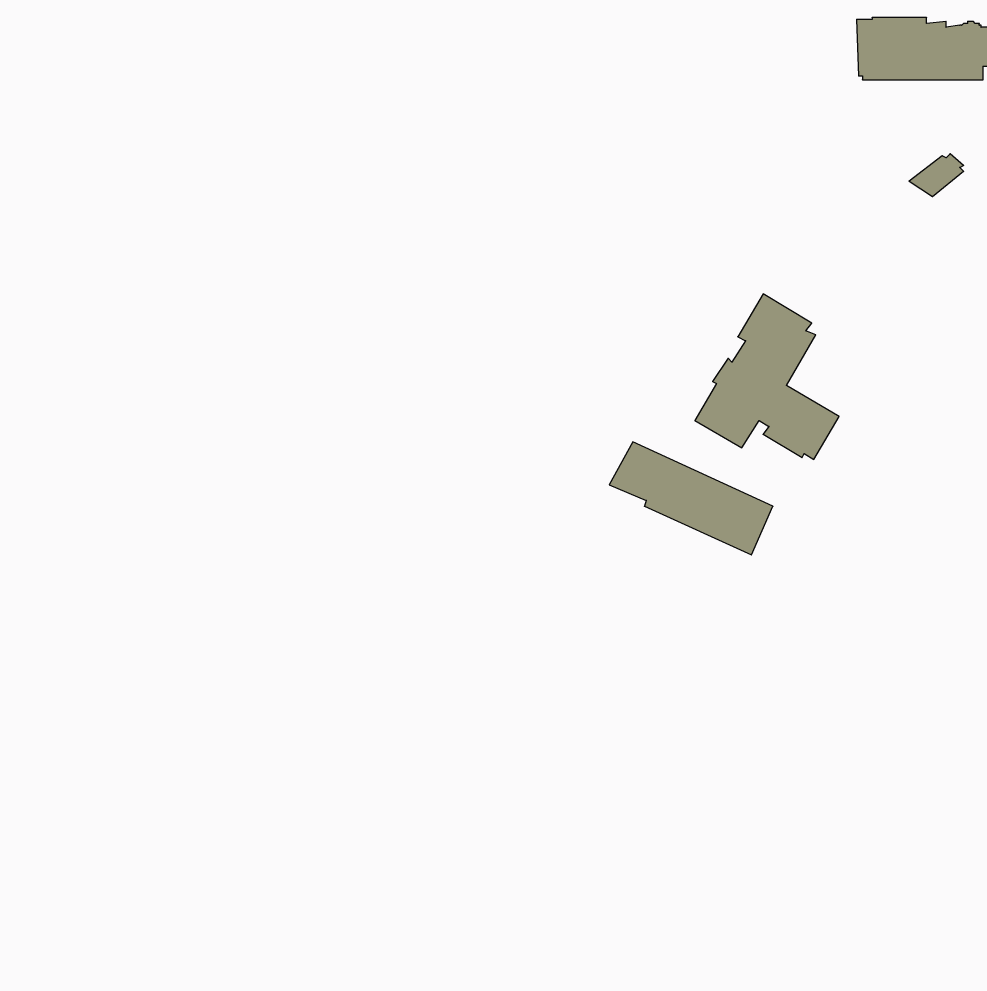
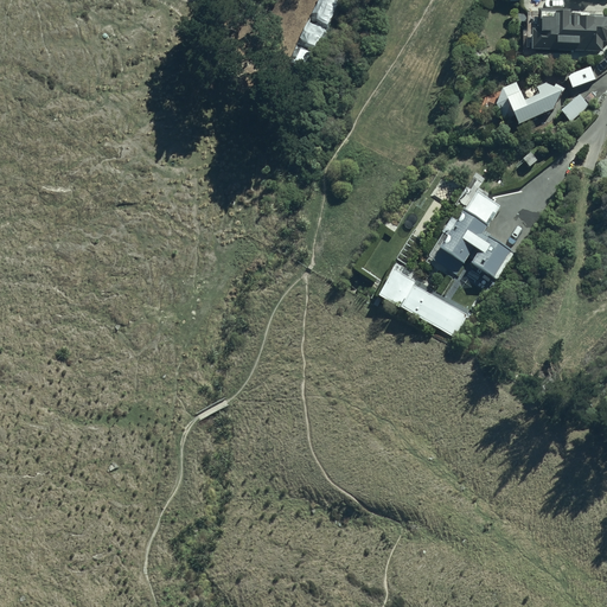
building: none -> [497,81,566,124]

